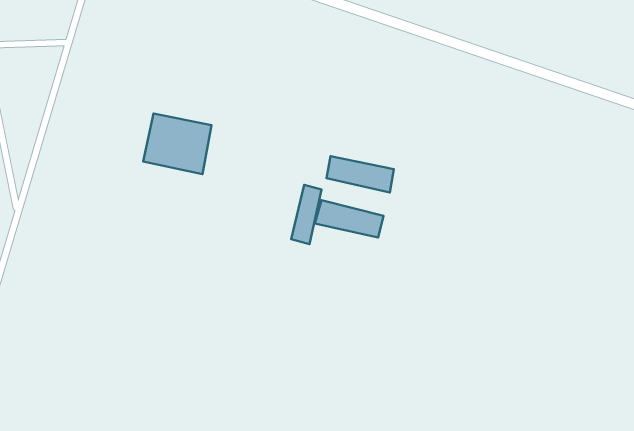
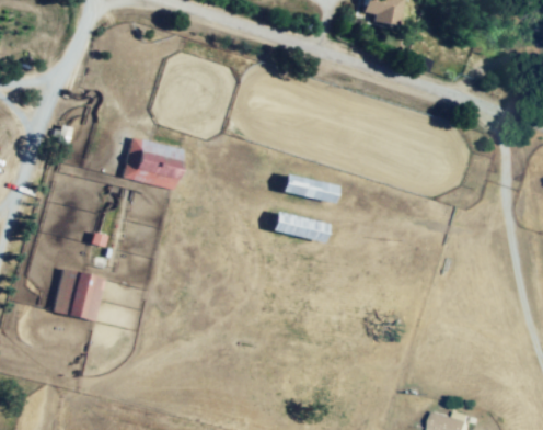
building: [291,185,321,244] -> none
building: none -> [56,269,106,320]

